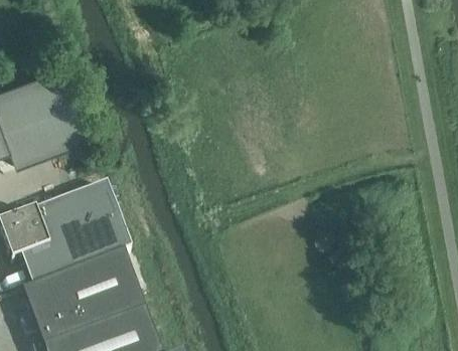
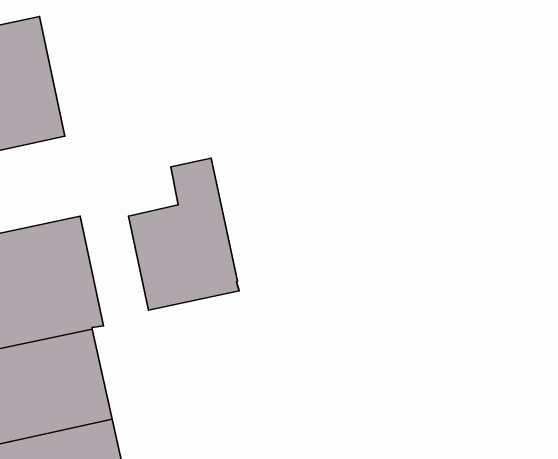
building: none -> [129,158,239,310]

